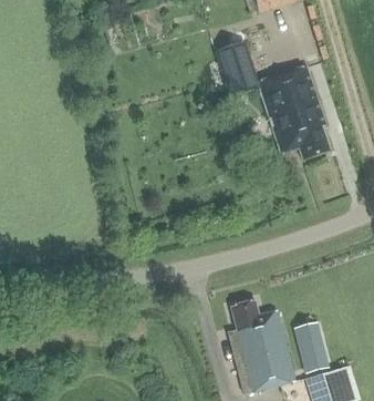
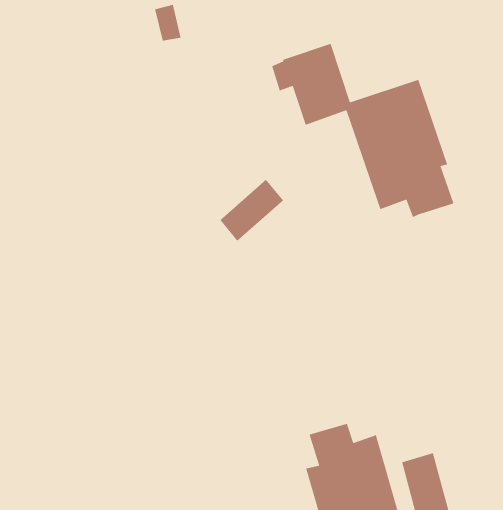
building: none -> [219,179,284,242]

